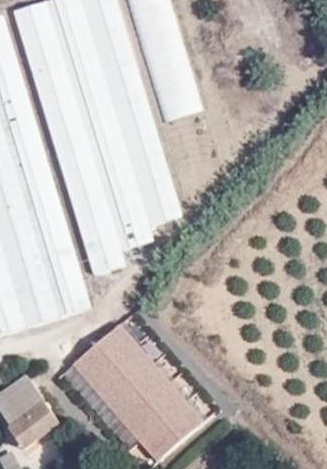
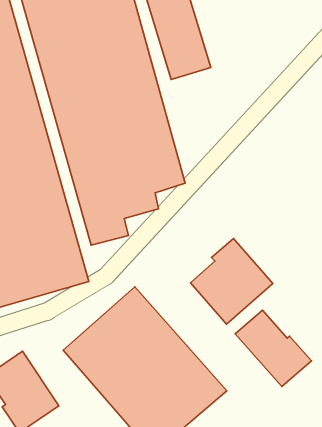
building: none -> [190,238,273,324]
building: none -> [235,310,311,387]

